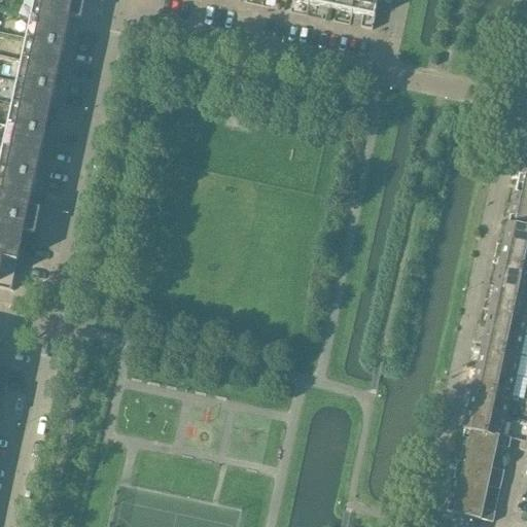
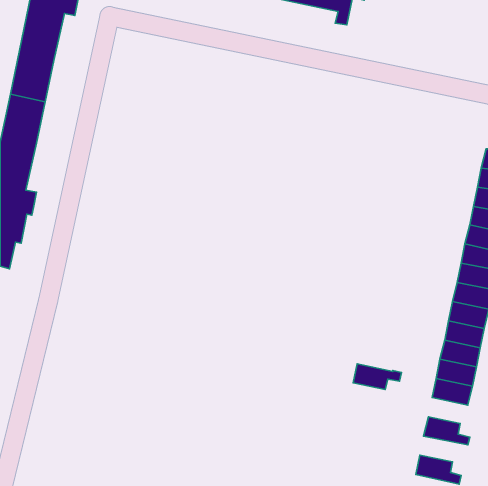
building: [462,426,514,454] -> [353,364,401,390]
building: [453,467,504,495] -> none

